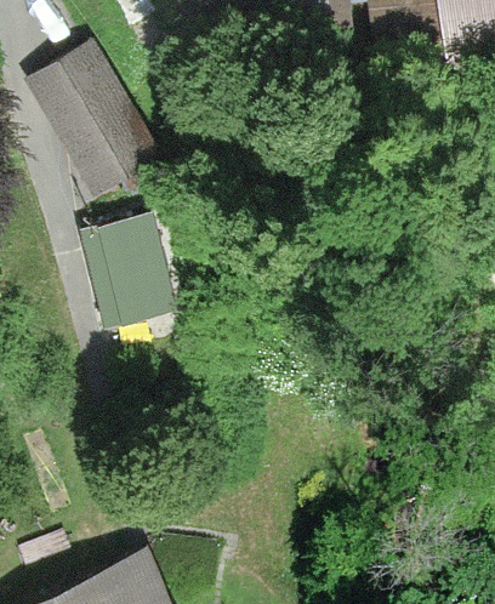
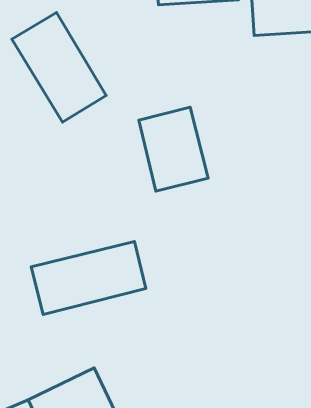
building: [82,201,181,320] -> [139,107,208,191]
building: none -> [31,242,146,314]

